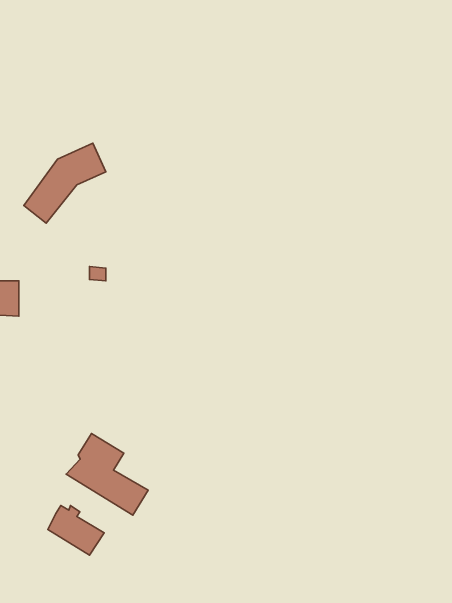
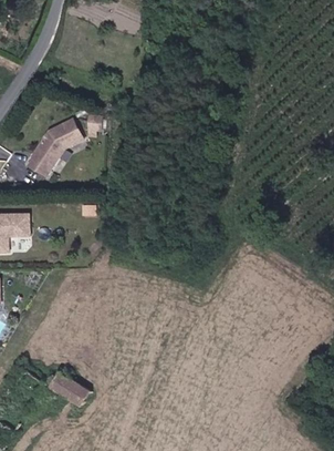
building: [66,433,148,515] -> none

